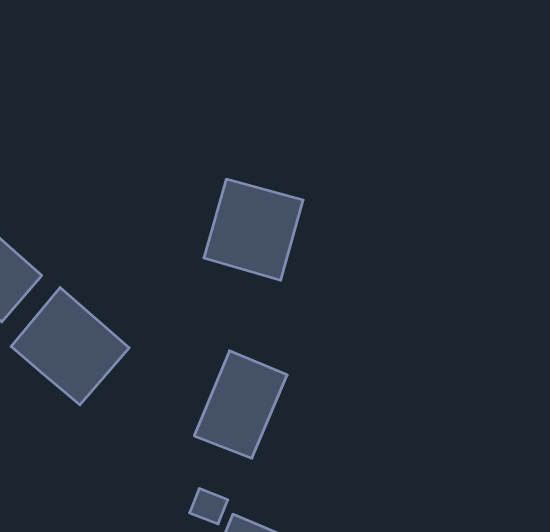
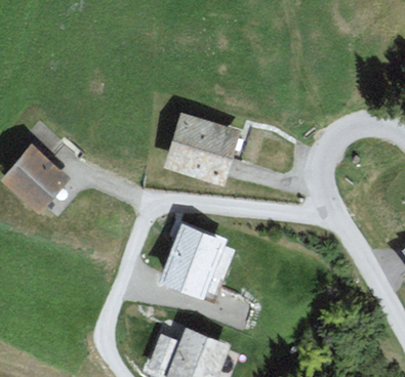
building: [11,287,129,405] -> none

